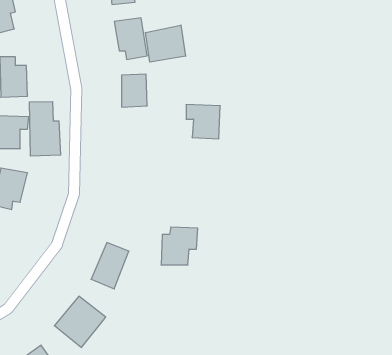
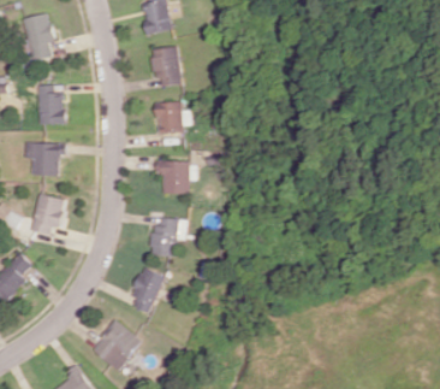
building: [145,25,186,62] -> none
building: [30,102,61,156] -> none
building: [186,105,220,139] -> [156,160,190,194]
building: [161,227,198,265] -> [150,218,186,255]

